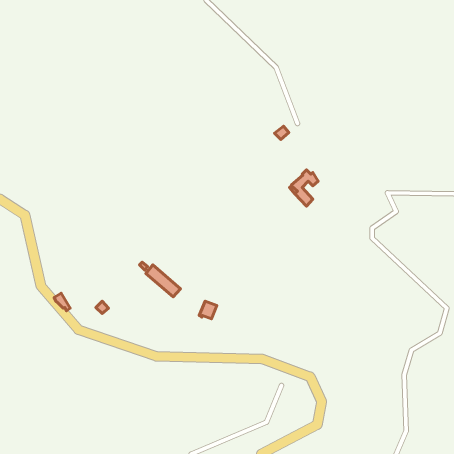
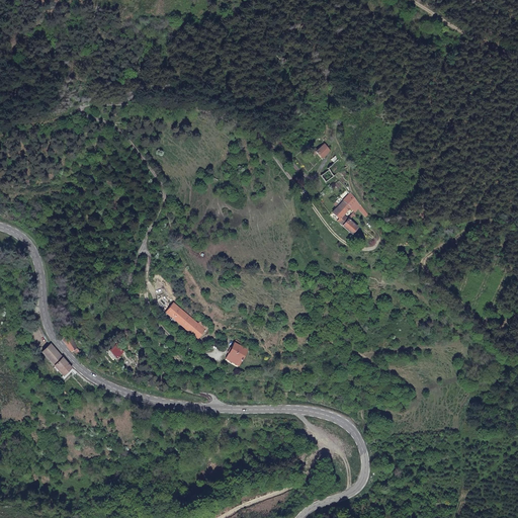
building: none -> [42,343,78,379]

